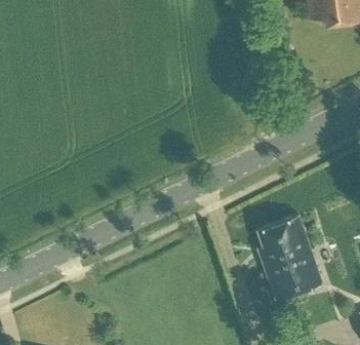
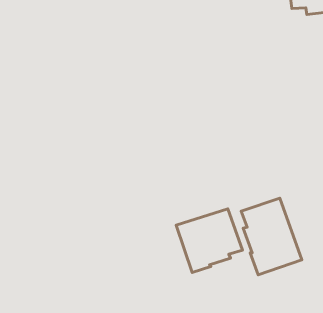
building: none -> [176,209,242,272]

